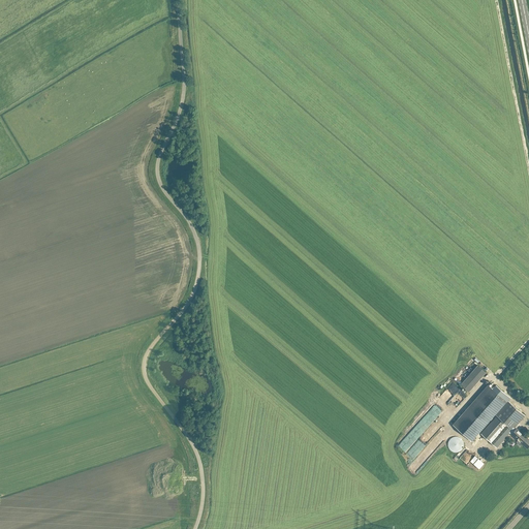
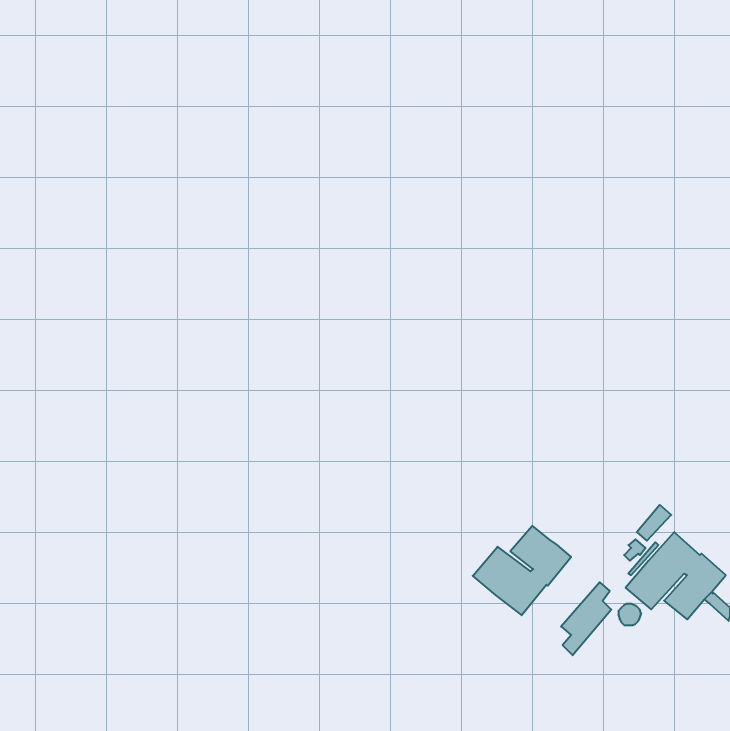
building: none -> [473,526,571,615]

